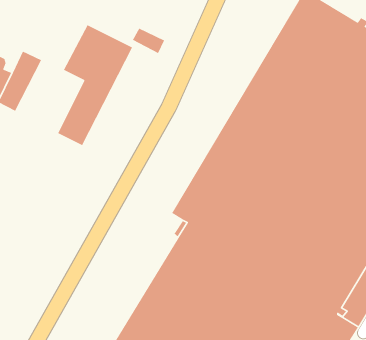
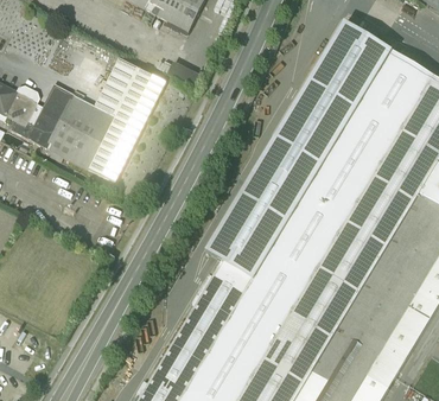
building: none -> [46,94,116,170]

